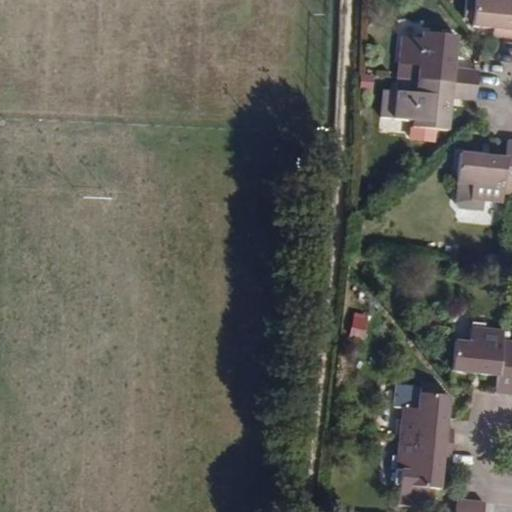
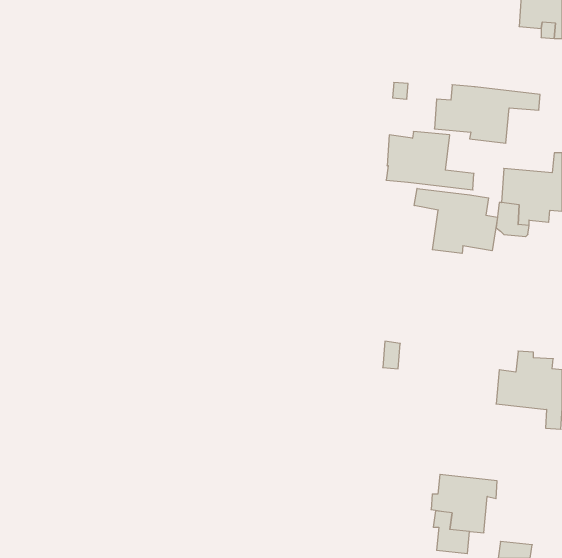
building: [412,33,492,86] -> [386,132,474,190]
building: none -> [414,188,497,253]
building: [397,386,454,437] -> none

